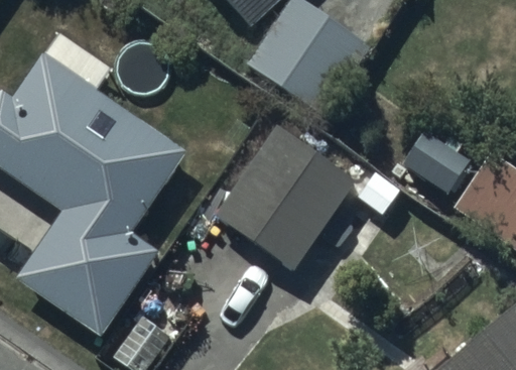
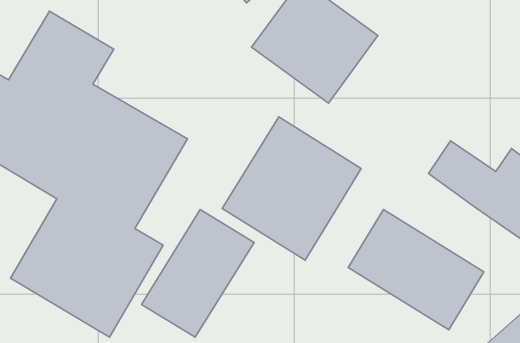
building: none -> [348,209,484,330]
building: none -> [142,210,254,337]

